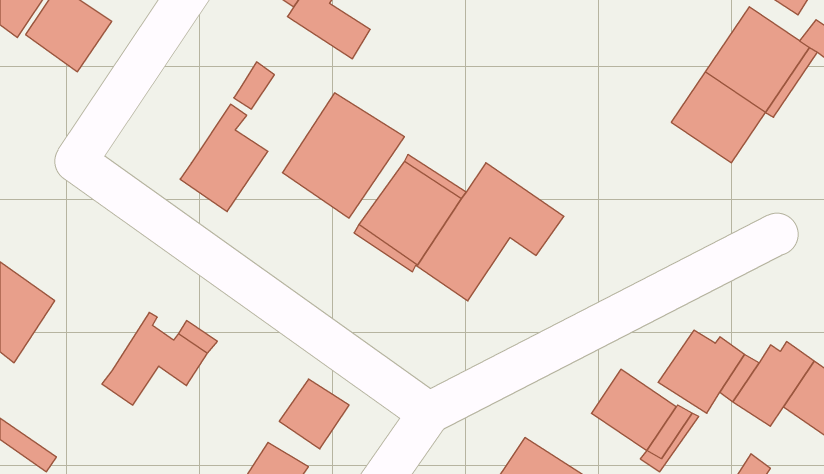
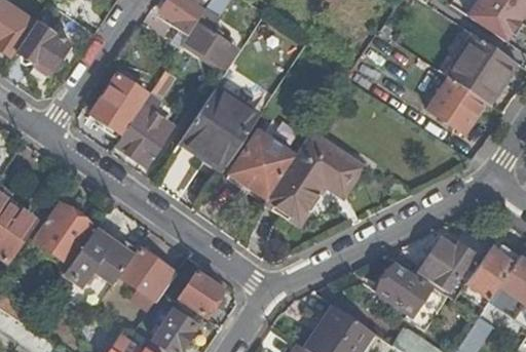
building: none -> [92,74,149,133]
building: none -> [34,201,97,265]
building: none -> [123,247,178,301]

